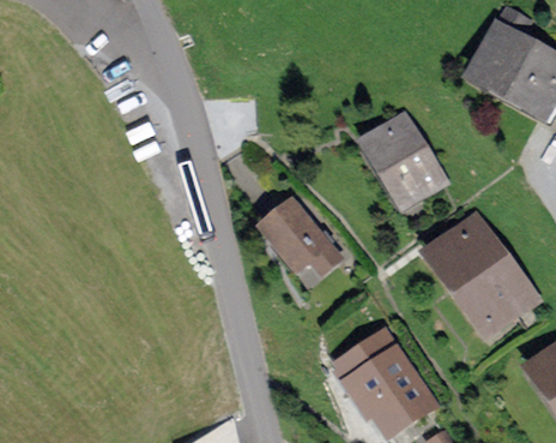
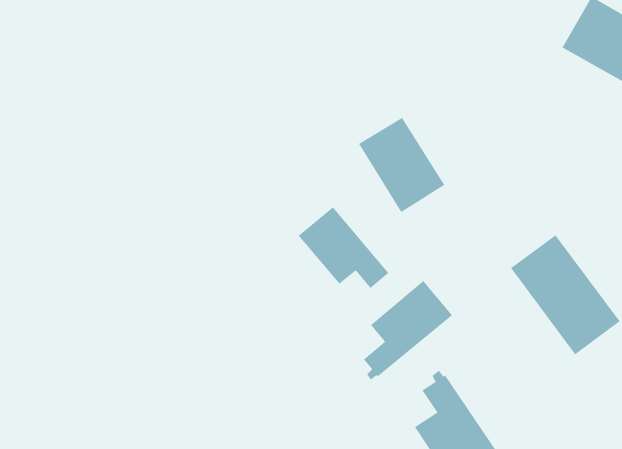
building: [365,124,436,202] -> [358,117,445,213]
building: none -> [363,280,453,381]

